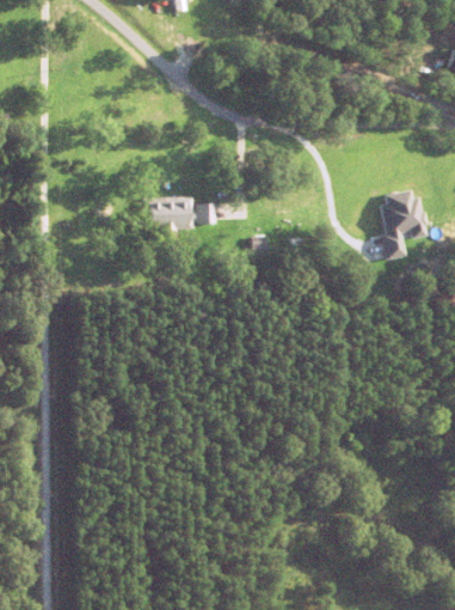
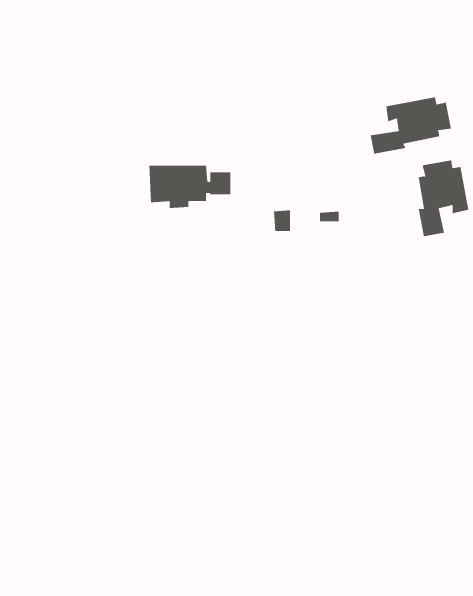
building: none -> [370,97,451,155]

